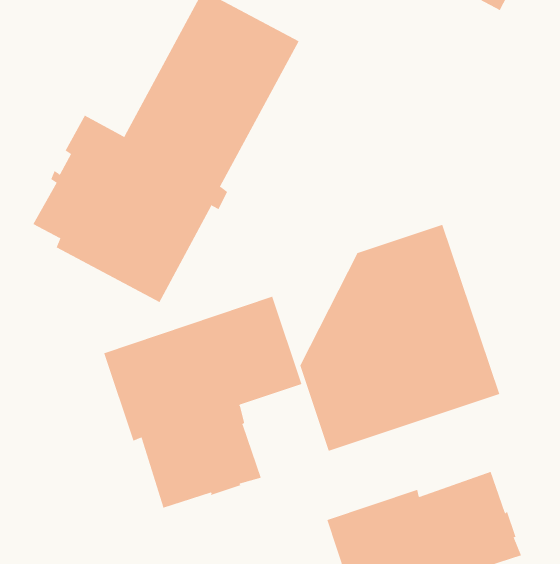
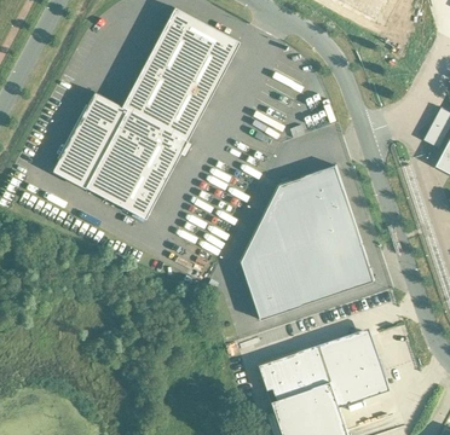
building: [104,296,302,509] -> none

